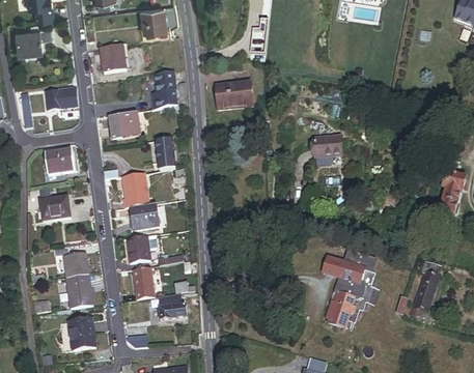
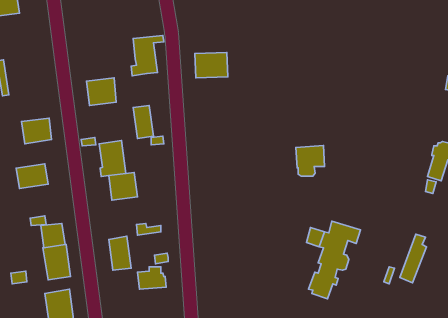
building: [100,45,126,71] -> none
building: [45,90,79,112] -> none
building: [311,134,339,164] -> [296,145,325,176]
building: [124,234,157,263] -> none

